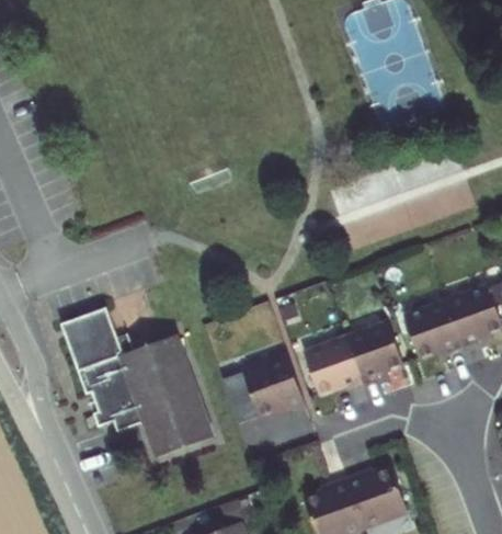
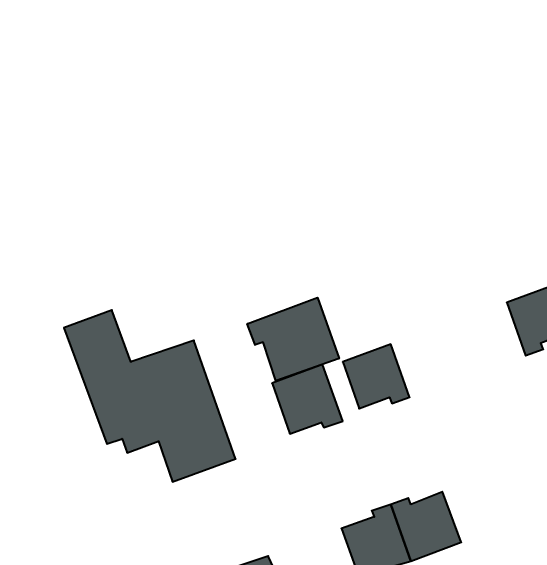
building: none -> [247,298,339,381]
building: [406,303,465,359] -> none
building: [347,323,404,385] -> none

